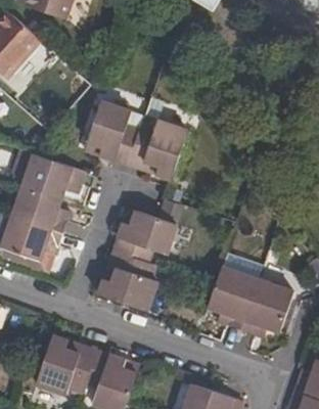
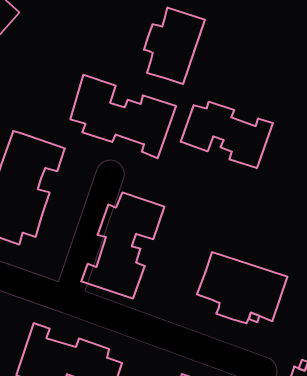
building: none -> [144,7,205,84]
building: none -> [181,102,273,168]

